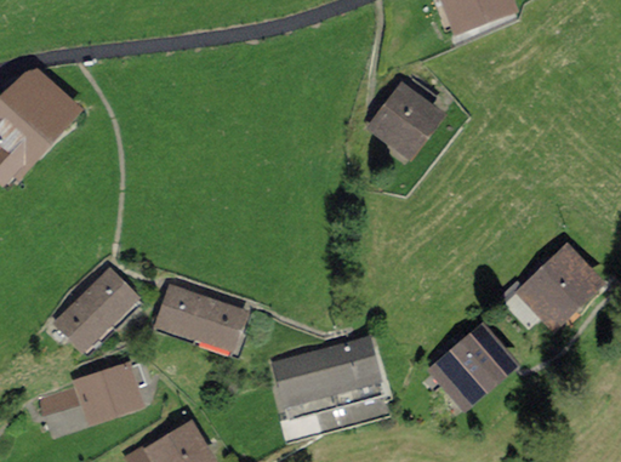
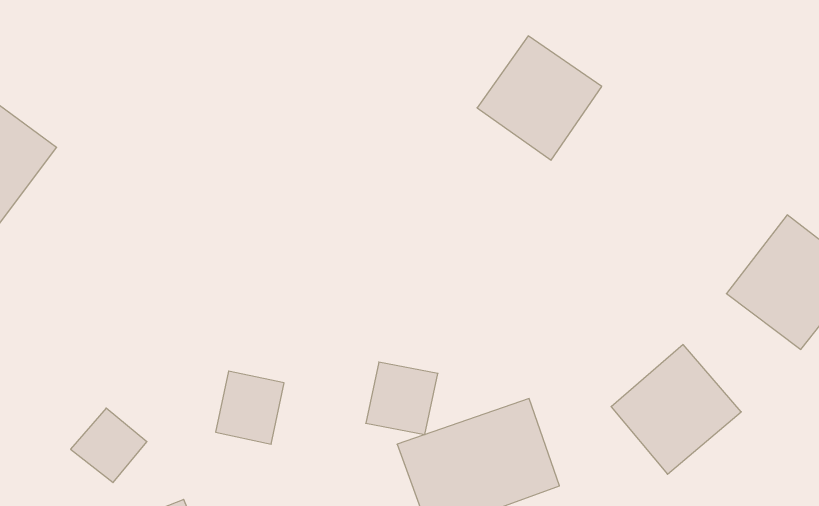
building: [84,272,136,325] -> none
building: [192,298,245,352] -> [366,362,438,435]

